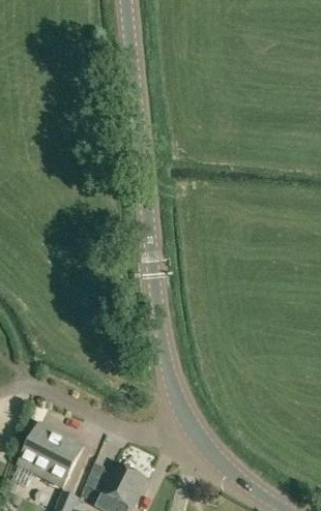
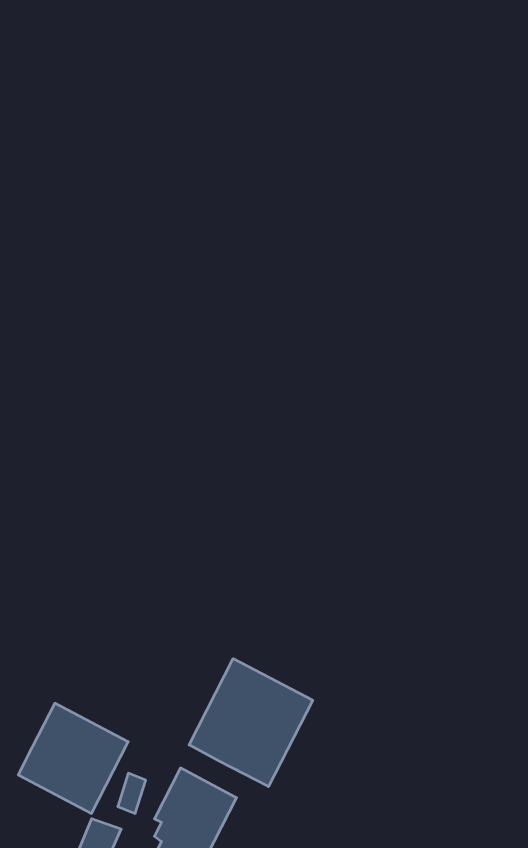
building: none -> [189,659,313,787]

